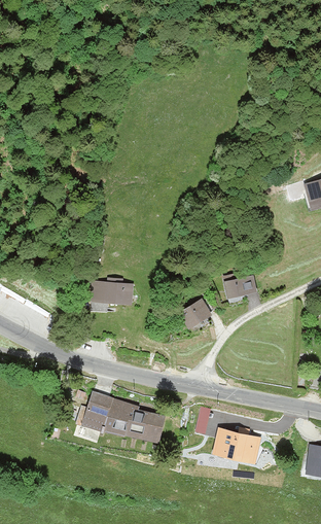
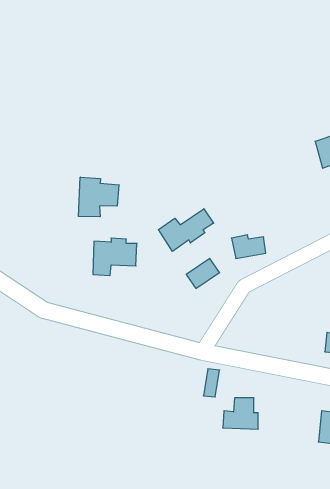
building: none -> [78,177,119,217]
building: none -> [158,209,214,251]
building: [82,392,165,444] -> none

